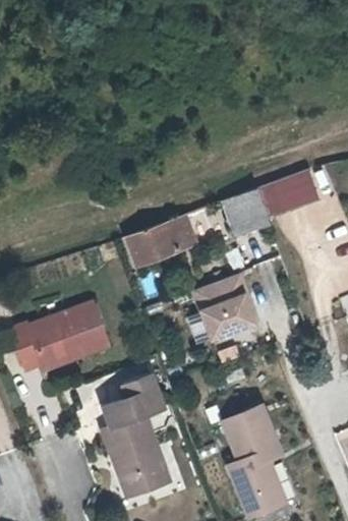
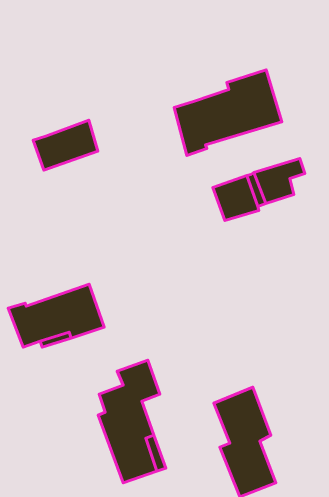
building: none -> [174,70,282,156]
building: [126,214,192,265] -> [33,120,98,170]
building: [190,274,251,339] -> none

